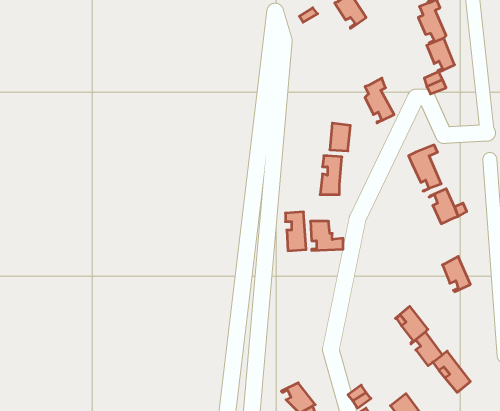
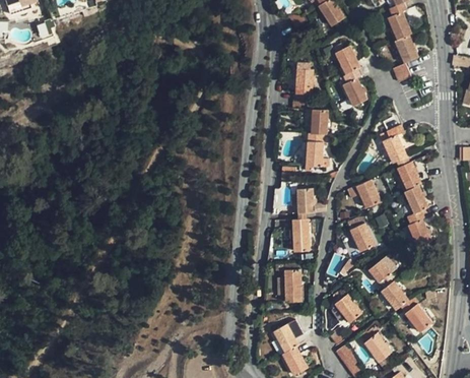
building: none -> [333,44,358,74]
building: none -> [294,68,313,93]
building: none -> [346,179,379,207]
building: [285,212,306,251] -> [291,218,309,251]
building: none -> [403,185,427,224]
building: none -> [349,223,374,251]
building: none -> [284,268,300,302]
building: none -> [331,293,360,322]

